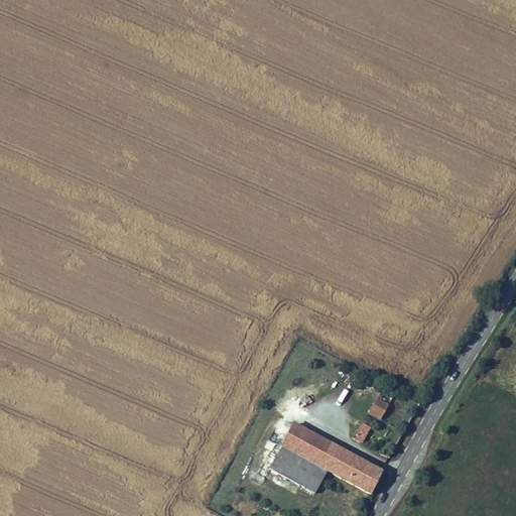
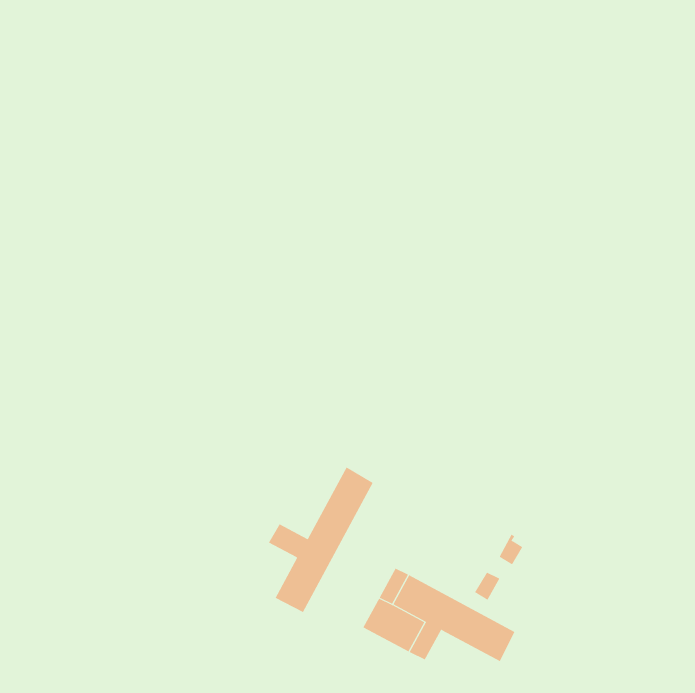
building: none -> [268,467,373,613]

